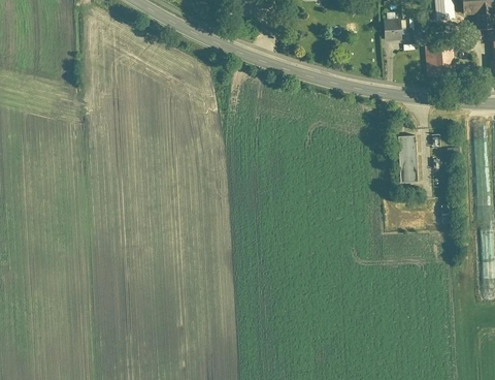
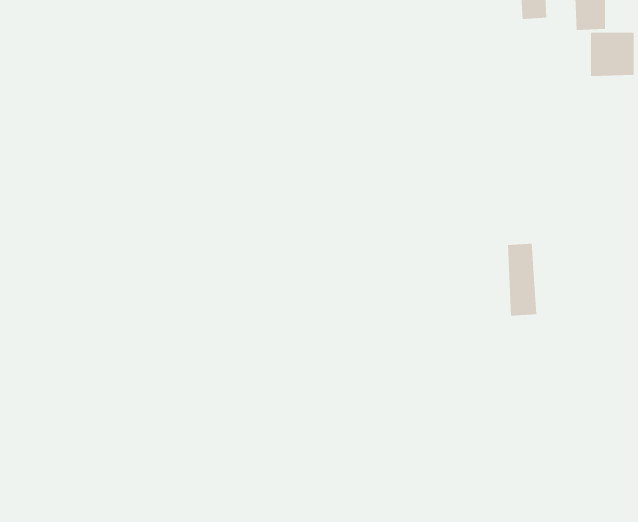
building: [395,132,415,180] -> [507,243,537,316]

